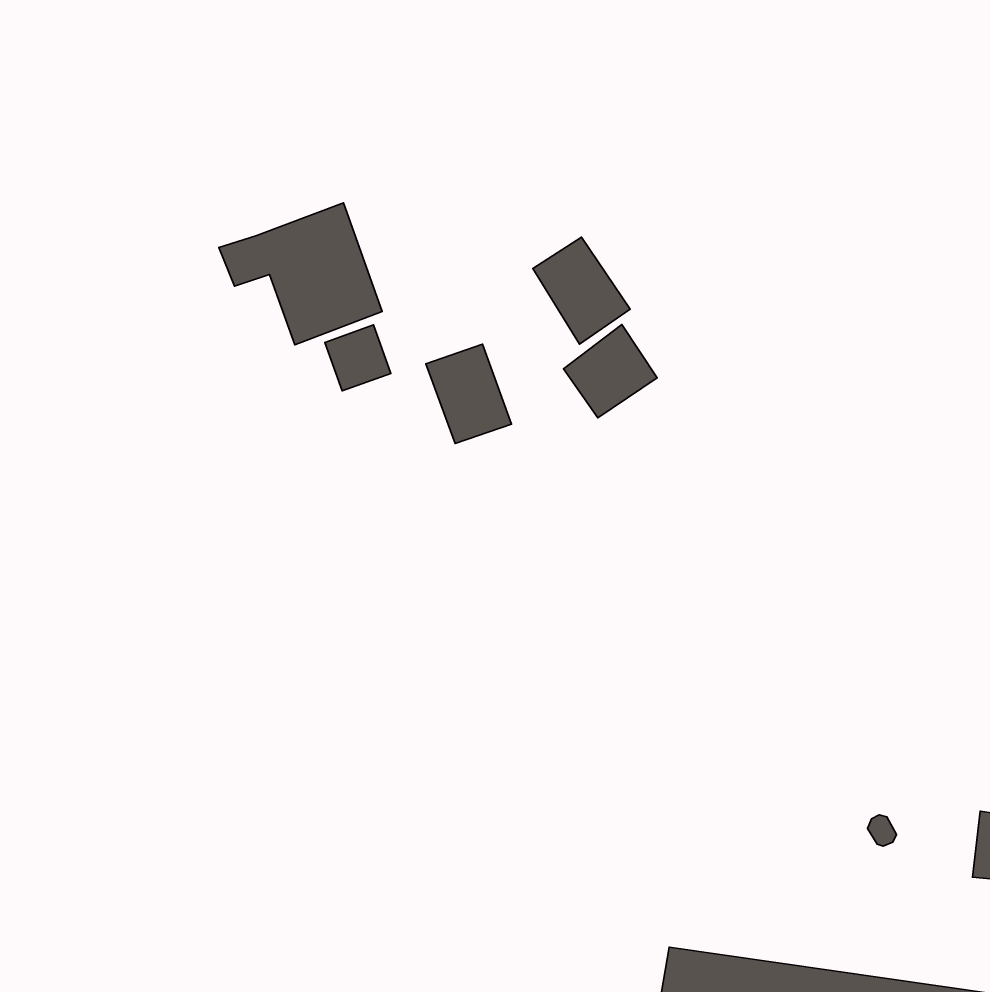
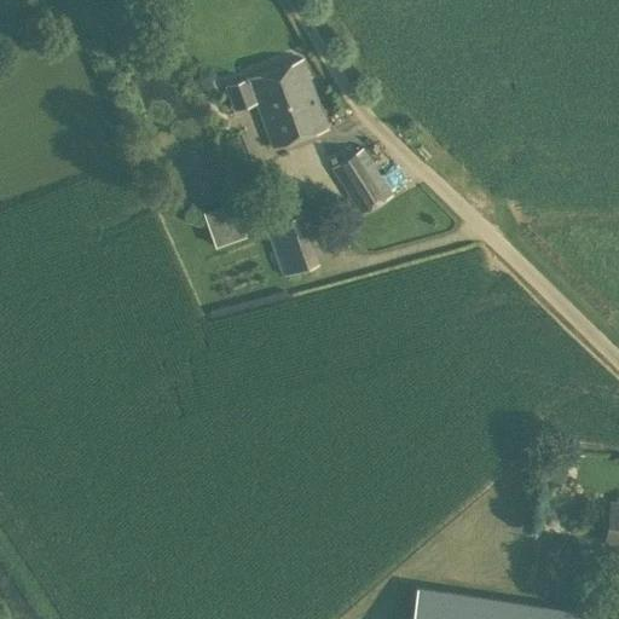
building: [219,203,382,345] -> [227,59,329,147]
building: [563,324,657,418] -> none

